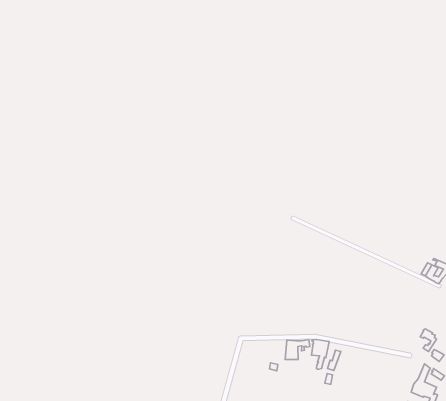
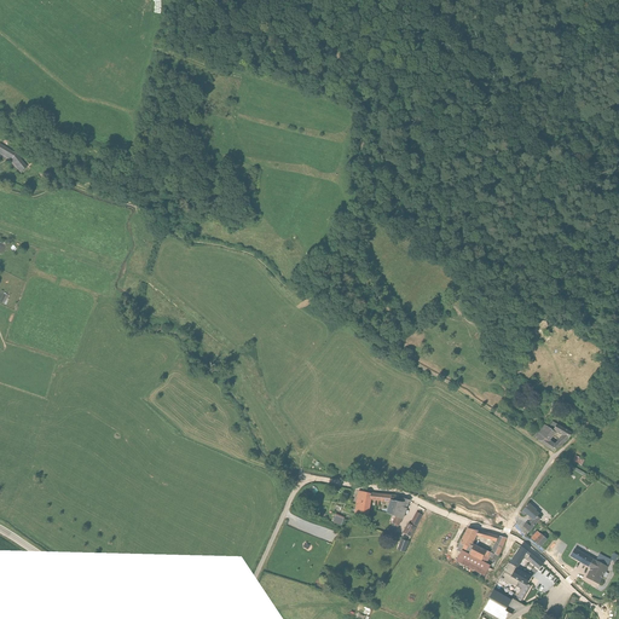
building: none -> [456,528,507,577]

